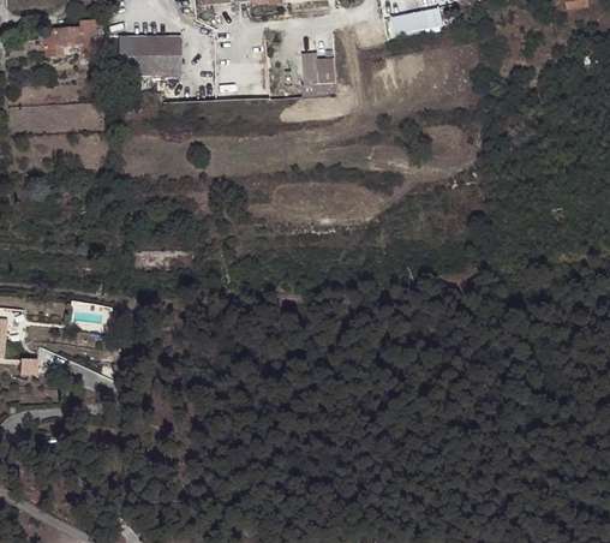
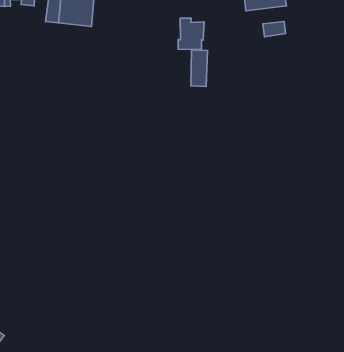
building: none -> [263,21,286,37]
building: none -> [191,50,208,86]

